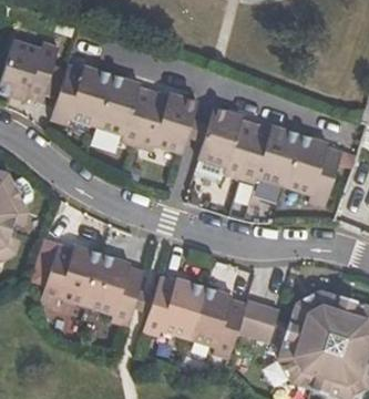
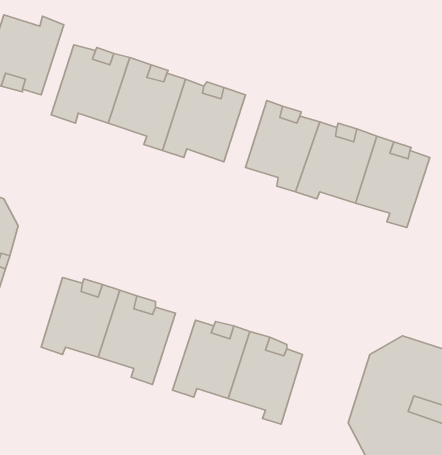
building: [235,299,278,342] -> none

